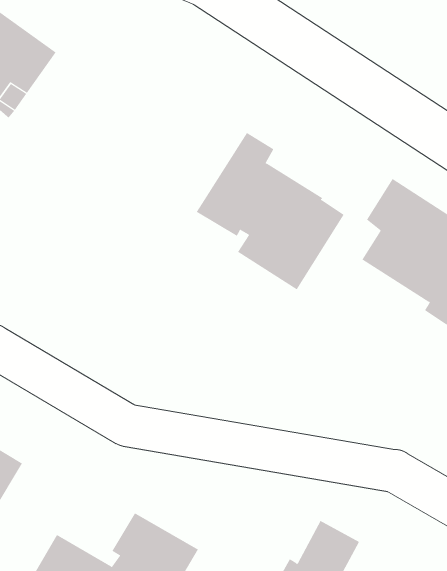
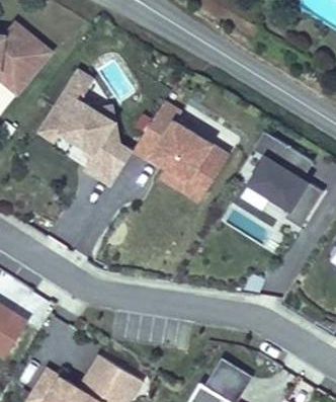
building: none -> [40,72,139,192]

